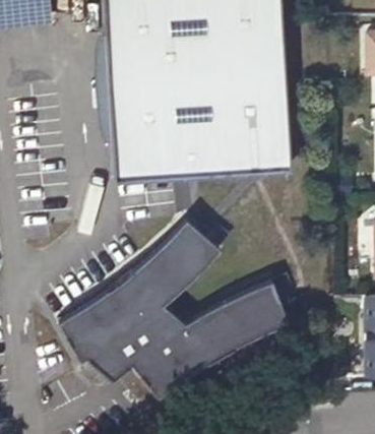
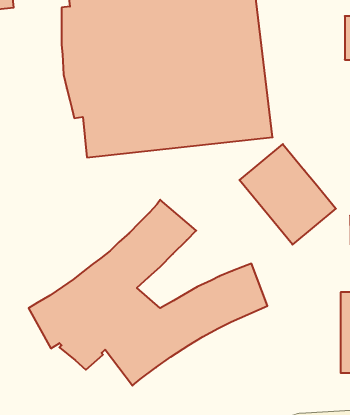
building: none -> [239,144,336,245]

